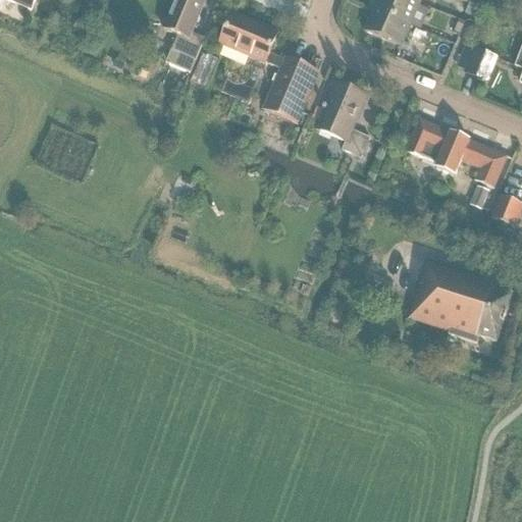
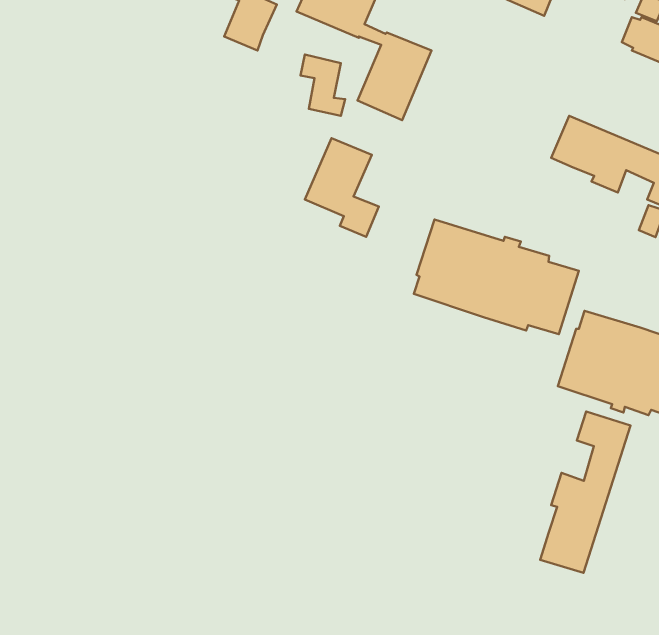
building: [317,83,371,155] -> [305,138,379,237]
building: none -> [414,219,579,334]
building: none -> [540,412,631,573]

